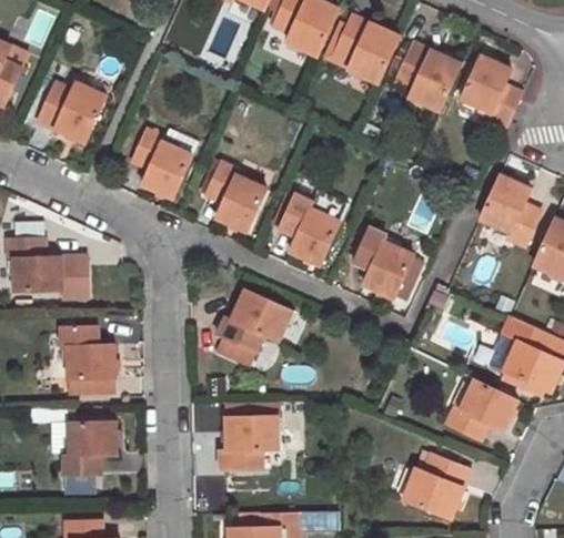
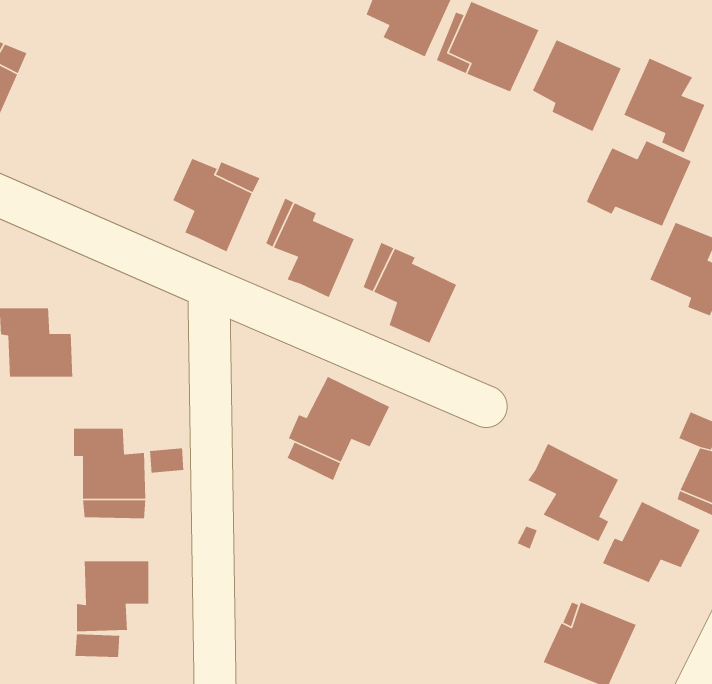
building: [37,83,104,142] -> none
building: none -> [586,140,692,227]
building: [352,227,414,298] -> none
building: [59,256,85,297] -> none
building: none -> [527,443,619,542]
building: [220,415,278,469] -> none

